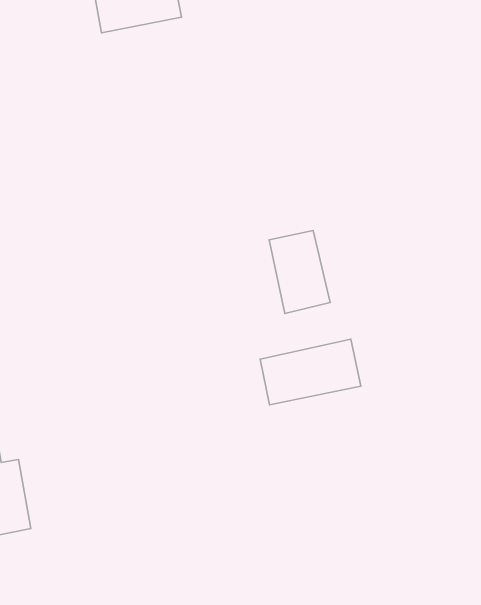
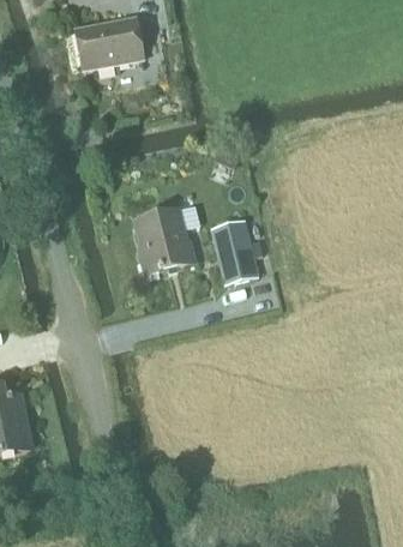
building: none -> [133,208,196,274]
building: [260,339,361,405] -> none

